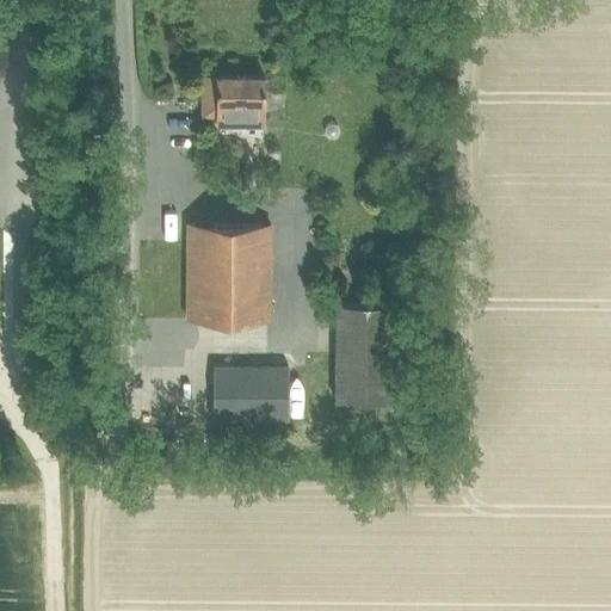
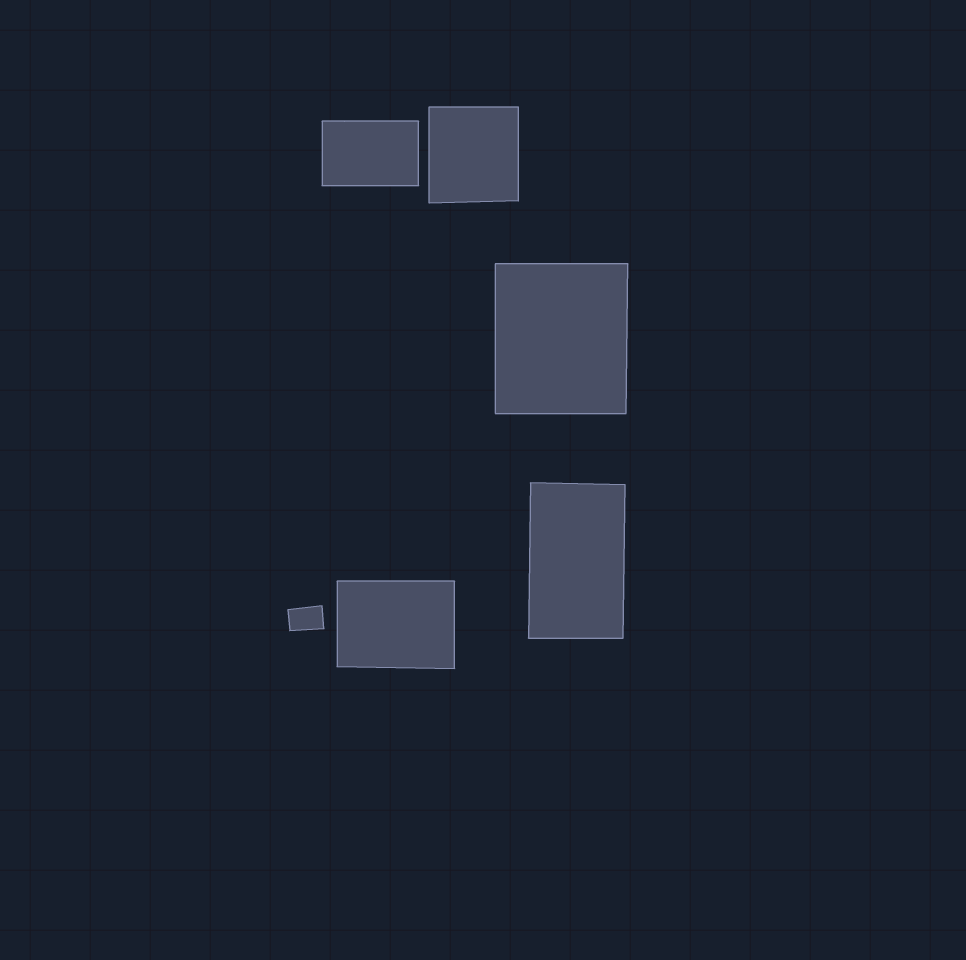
building: none -> [429,107,518,203]
building: [187,229,271,323] -> [495,264,628,413]

